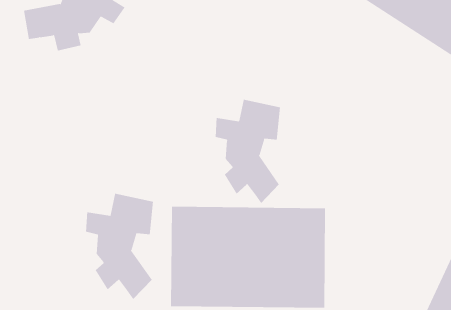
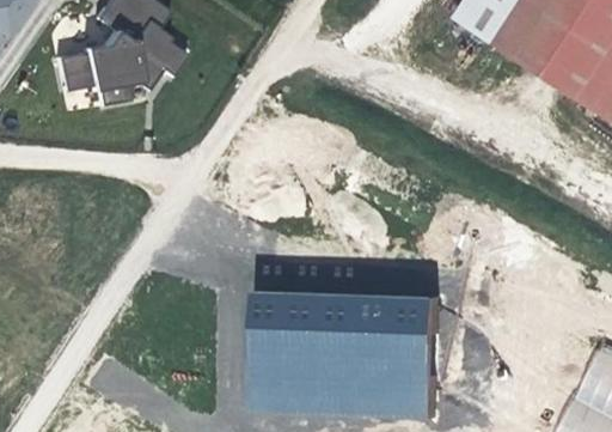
building: [215,99,280,204] -> none
building: [85,193,153,300] -> none

